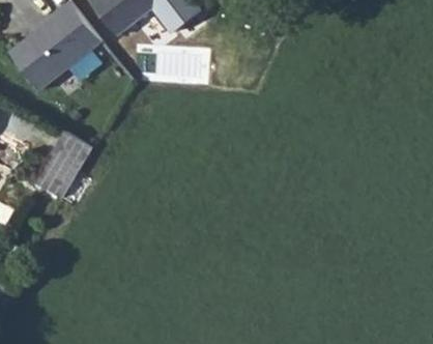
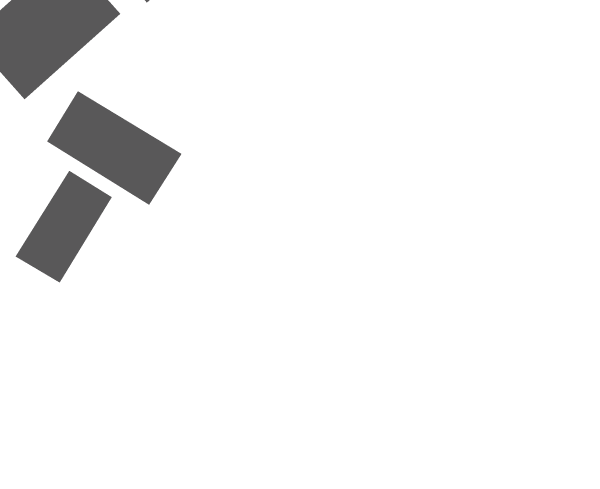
building: none -> [46,90,182,206]

